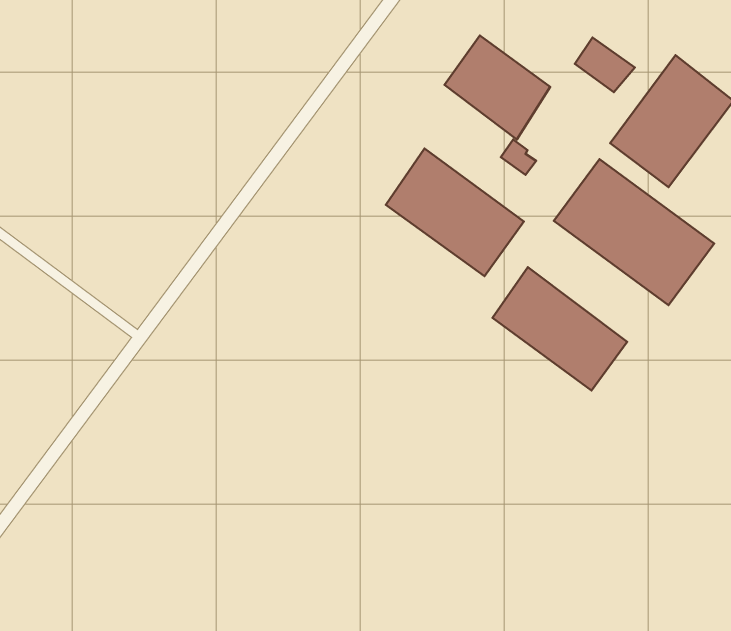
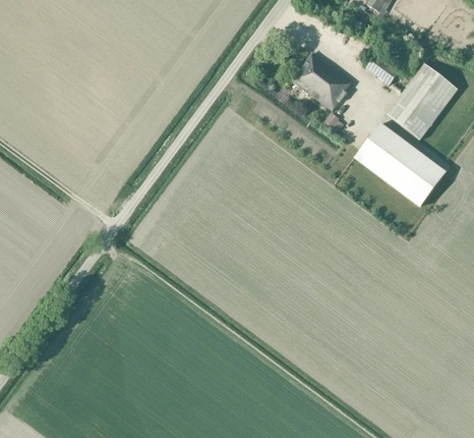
building: [386,148,524,276] -> none
building: [493,267,627,391] -> none

